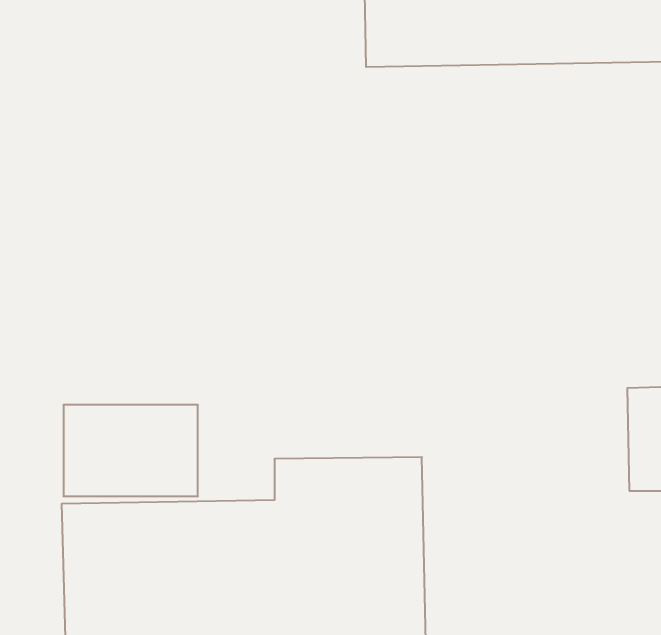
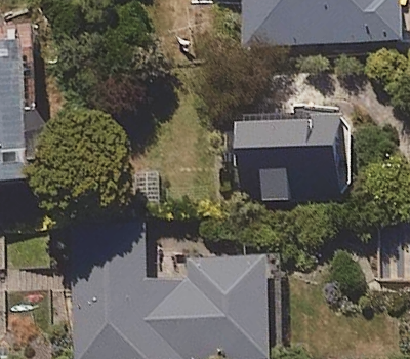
building: none -> [233,110,345,201]

